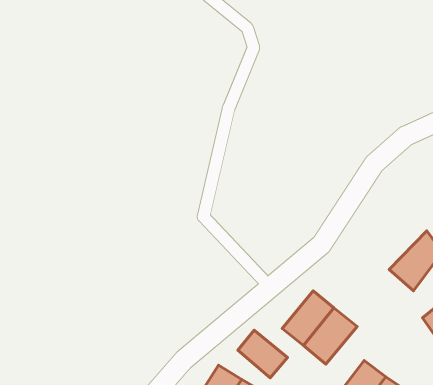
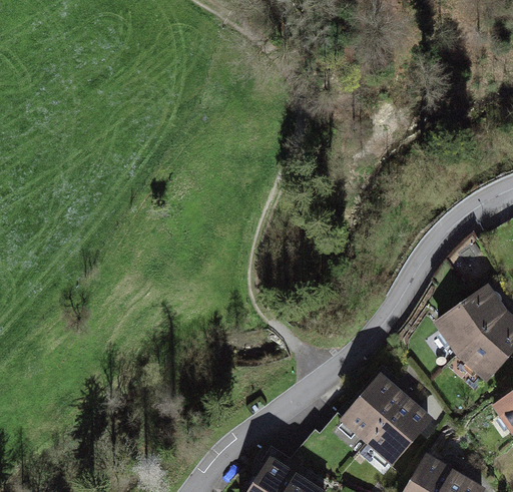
building: none -> [439,292,503,354]
building: [238,330,288,378] -> none

